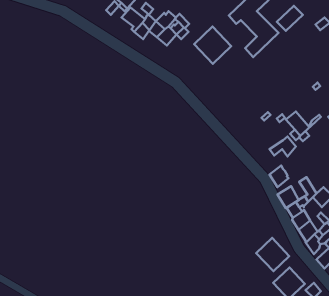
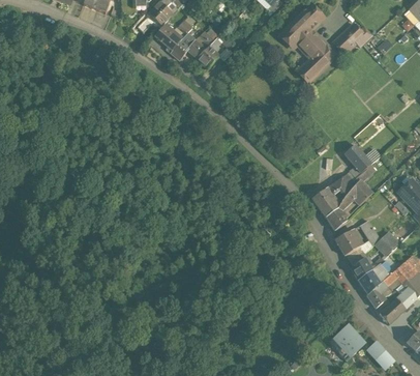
building: [194,27,231,64] -> none
building: none -> [340,179,371,206]
building: none -> [311,187,338,216]
building: [256,238,289,271] -> none

